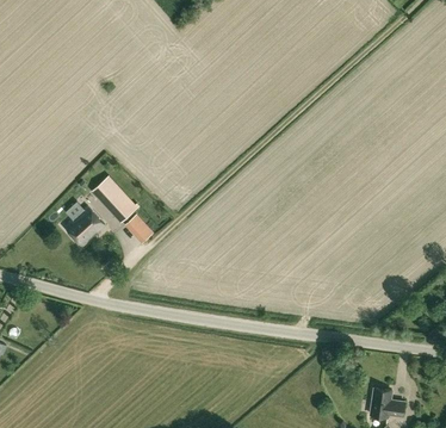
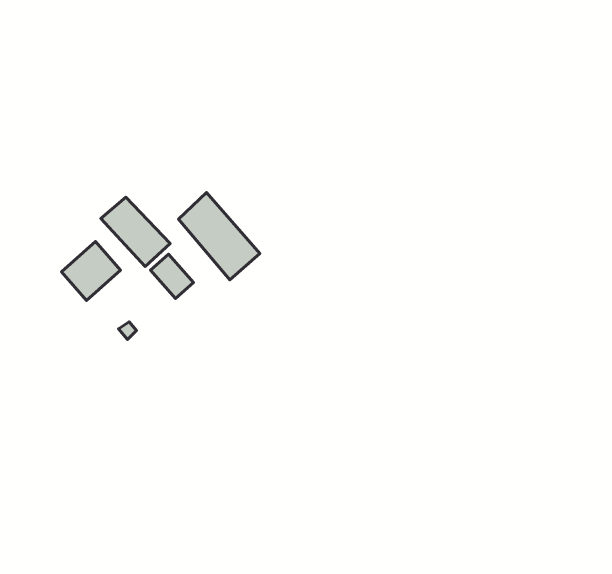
building: none -> [178,193,260,280]
building: [370,387,404,417] -> none

